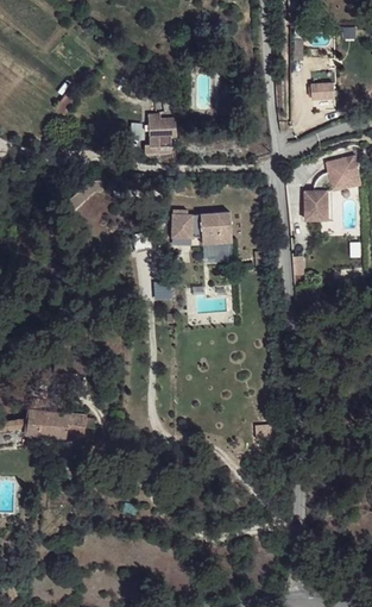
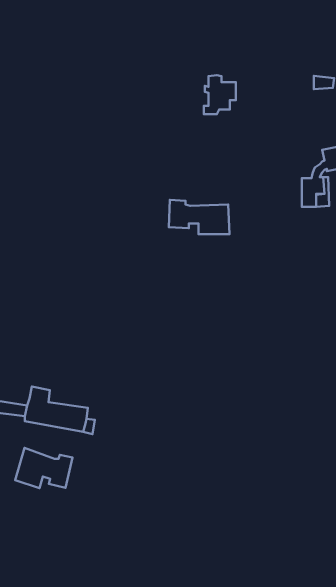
building: [145,113,177,152] -> [204,75,236,114]
building: none -> [15,448,72,488]

